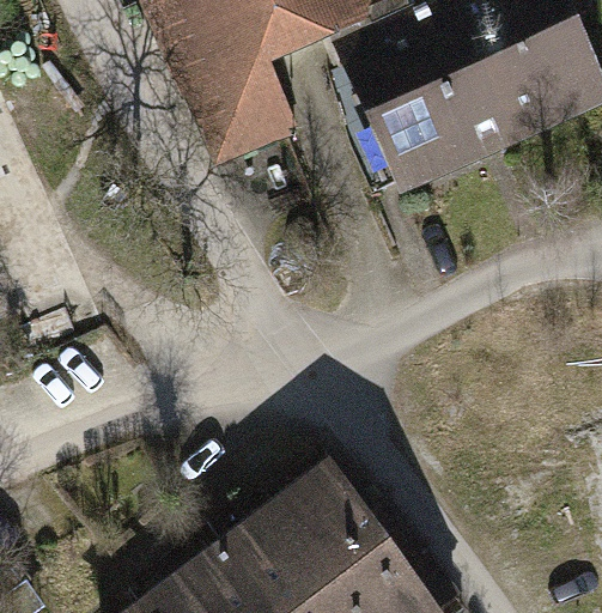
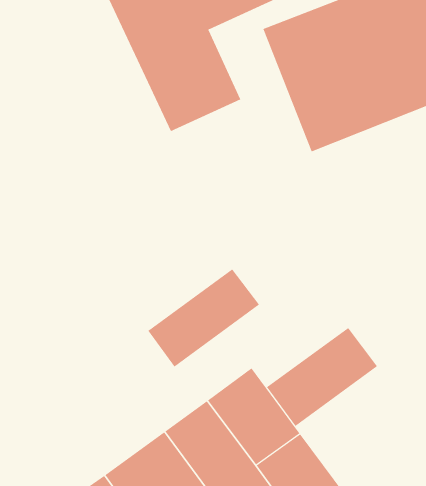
building: none -> [147,269,260,368]
building: none -> [266,327,378,427]

